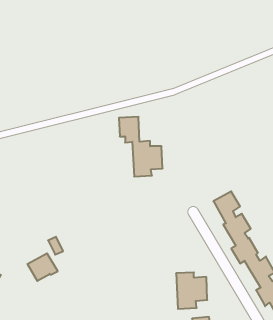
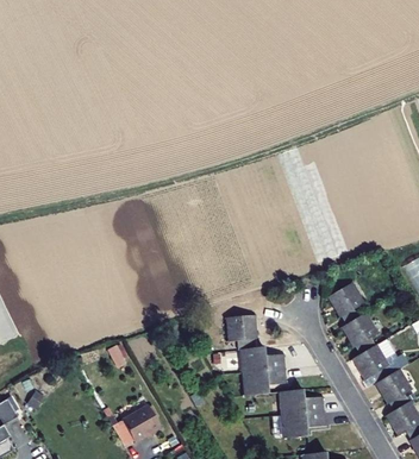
building: [119,117,163,176] -> [223,314,281,394]
building: [27,253,58,281] -> [124,401,164,438]

